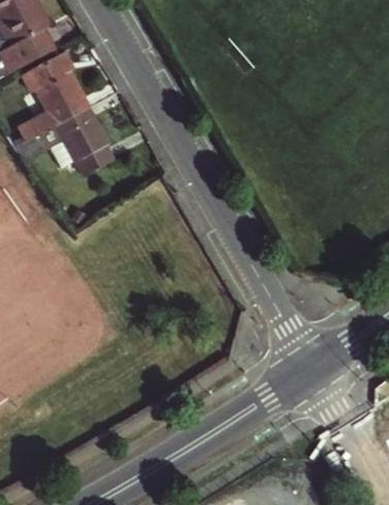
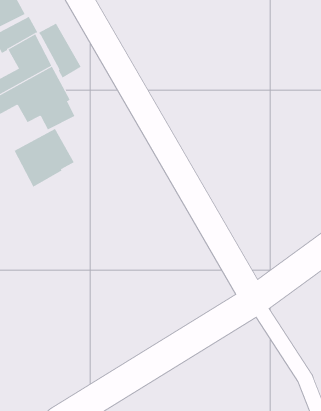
building: none -> [38,23,81,79]
building: none -> [14,128,75,187]

